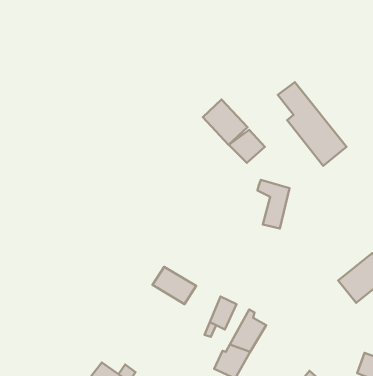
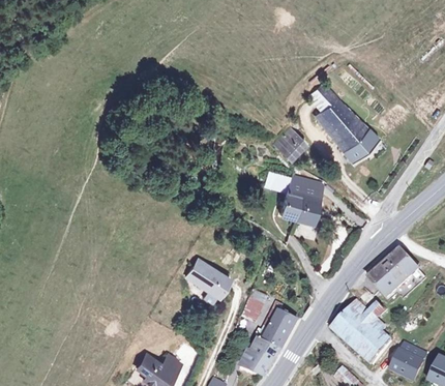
building: [203,100,248,145] -> none
building: none -> [267,177,302,219]
building: none -> [328,285,389,361]

